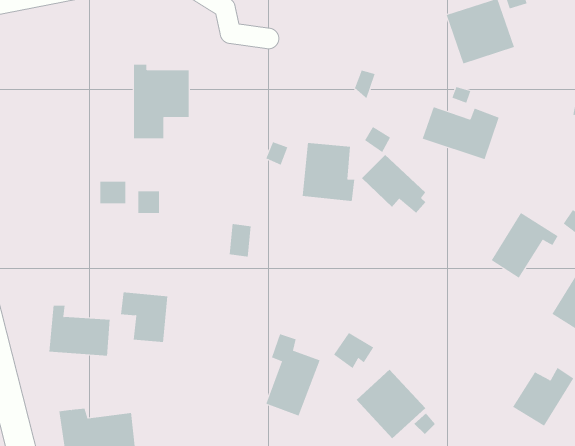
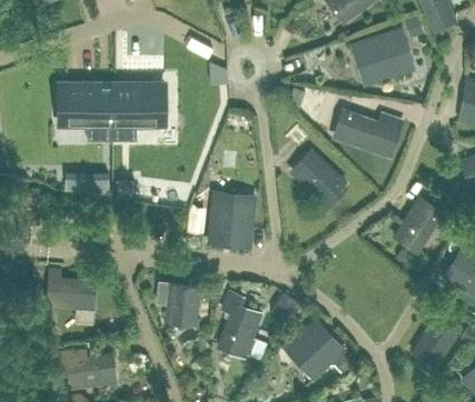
building: none -> [69,81,113,140]
building: [302,142,355,202] -> [210,200,253,247]
building: [120,292,168,343] -> [158,284,196,324]

